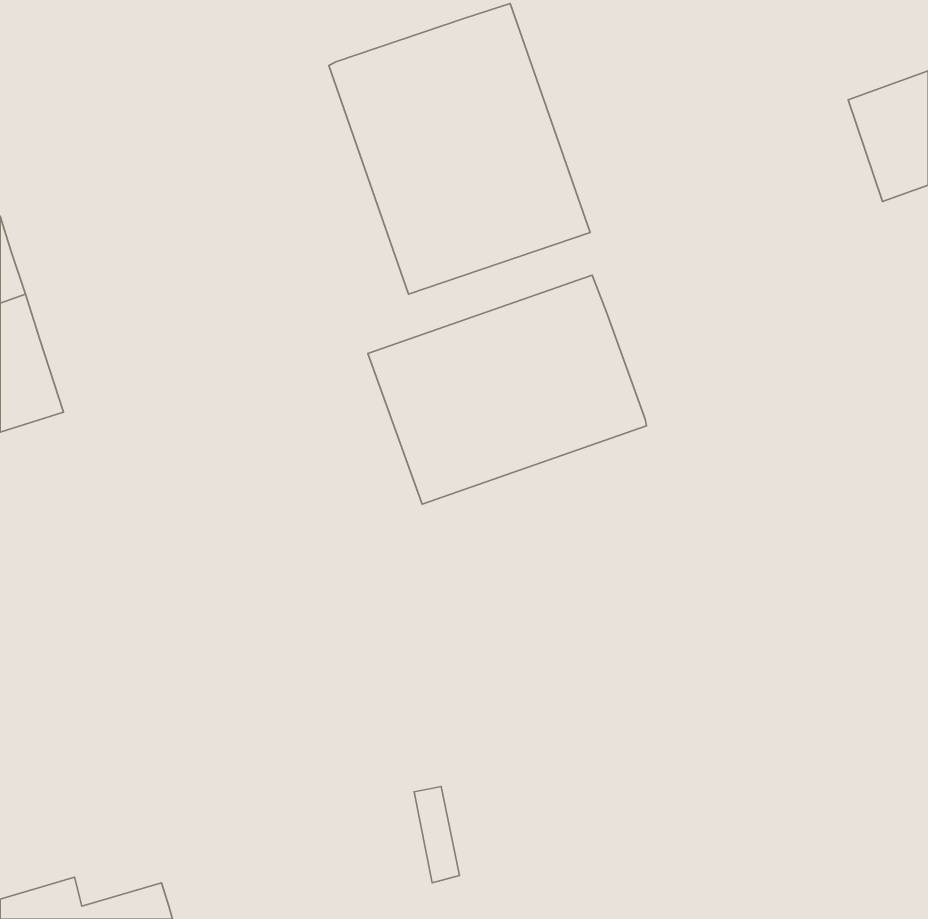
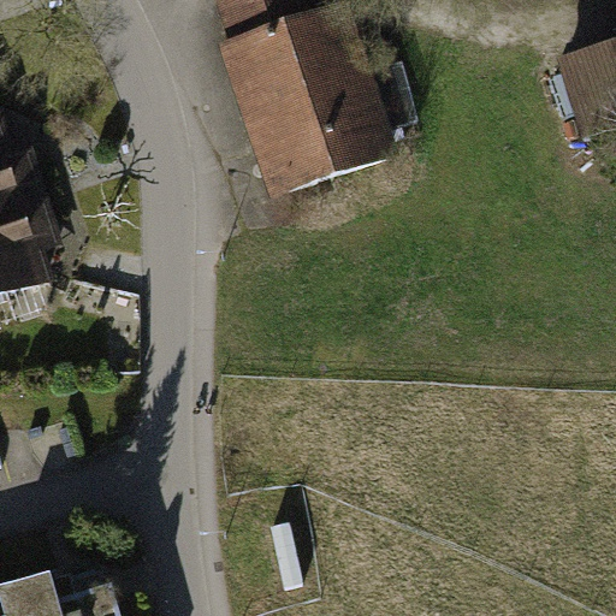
building: [368,275,647,504] -> none

